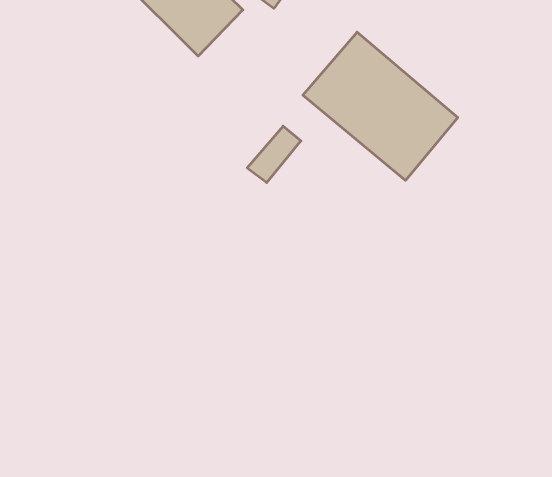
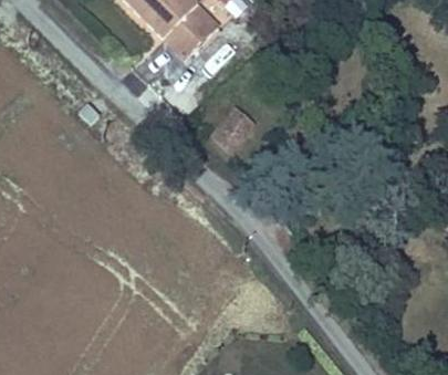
building: [303,32,458,180] -> none

